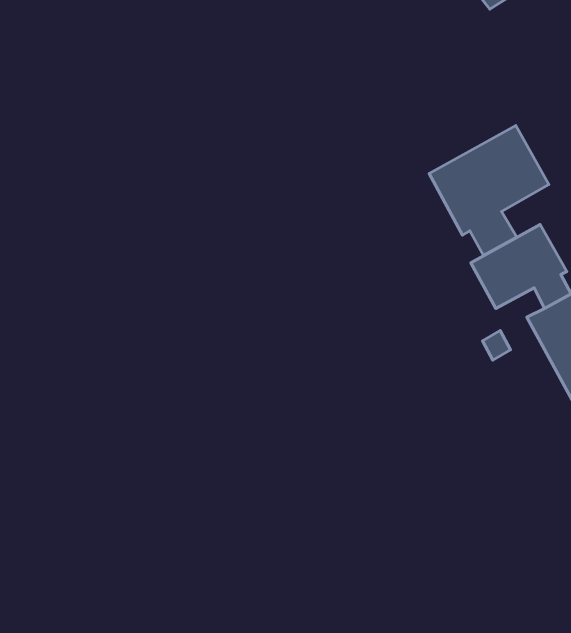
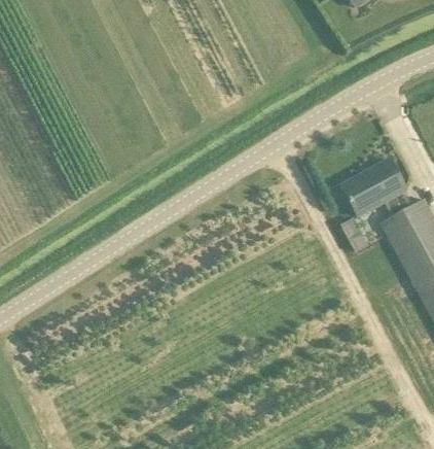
building: [429,126,549,256] -> none

